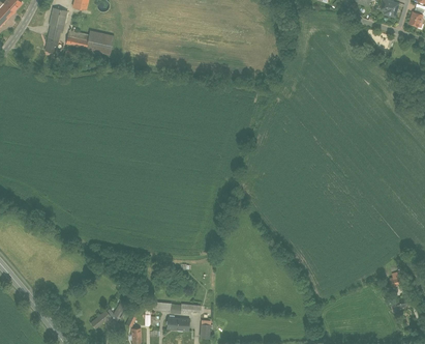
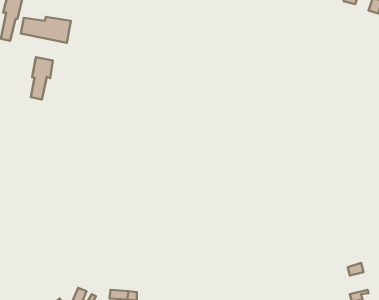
building: none -> [31,57,53,99]

